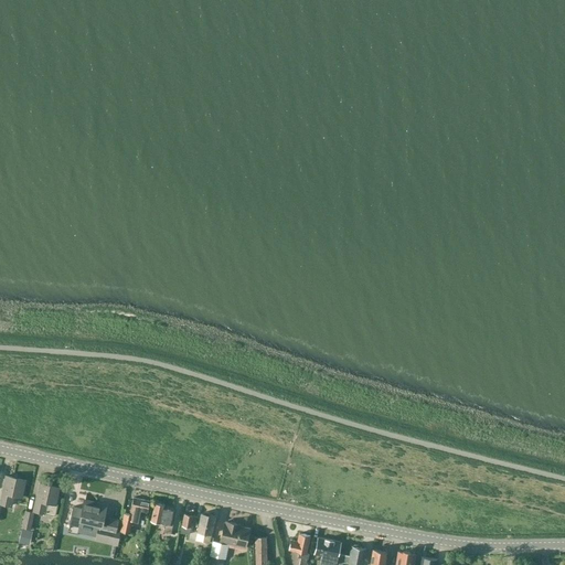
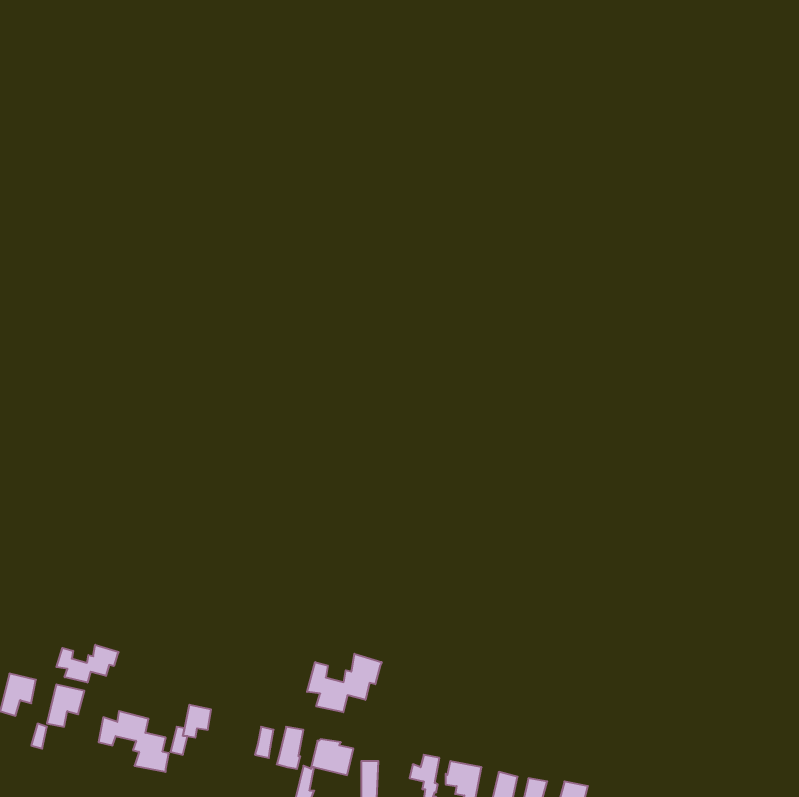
building: none -> [56,645,119,683]
building: none -> [307,654,382,712]
building: [151,503,174,534] -> none

